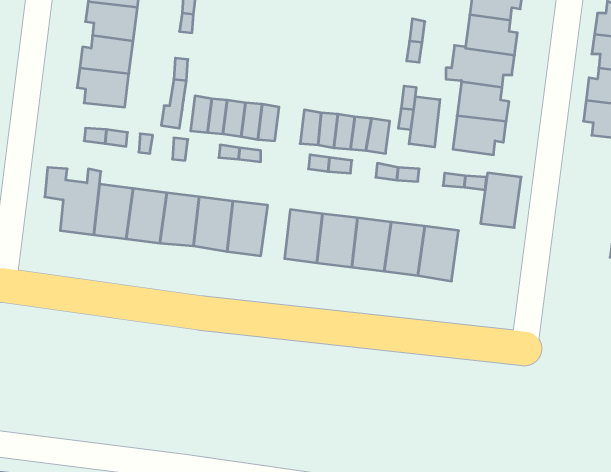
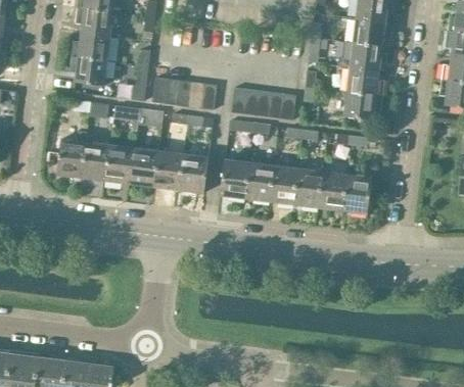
building: [409,97,440,147] -> none
building: [481,173,521,228] -> [341,176,371,215]

